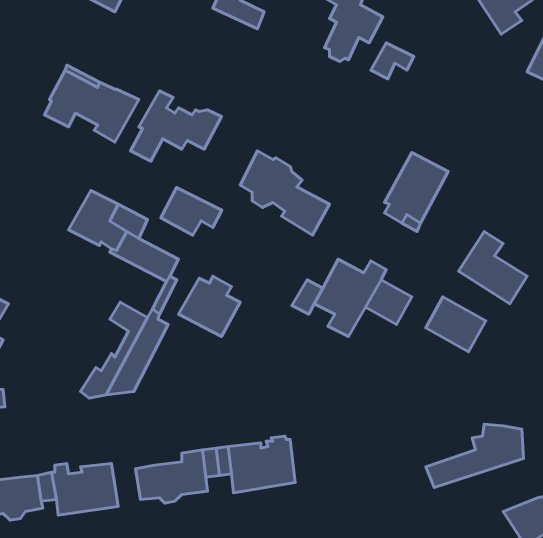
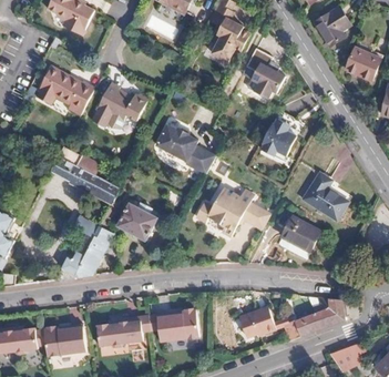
building: none -> [252,63,288,100]
building: [161,187,222,235] -> none
building: none -> [236,306,274,336]

